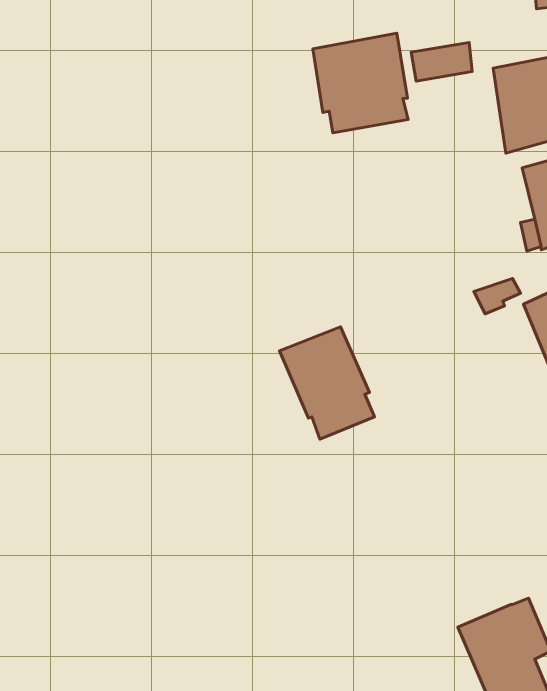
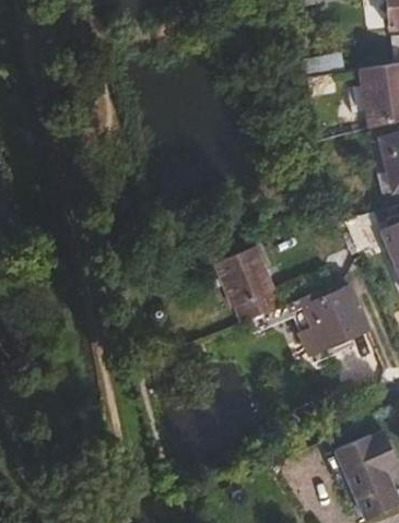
building: [313,33,408,133] -> none
building: none -> [287,280,369,355]

